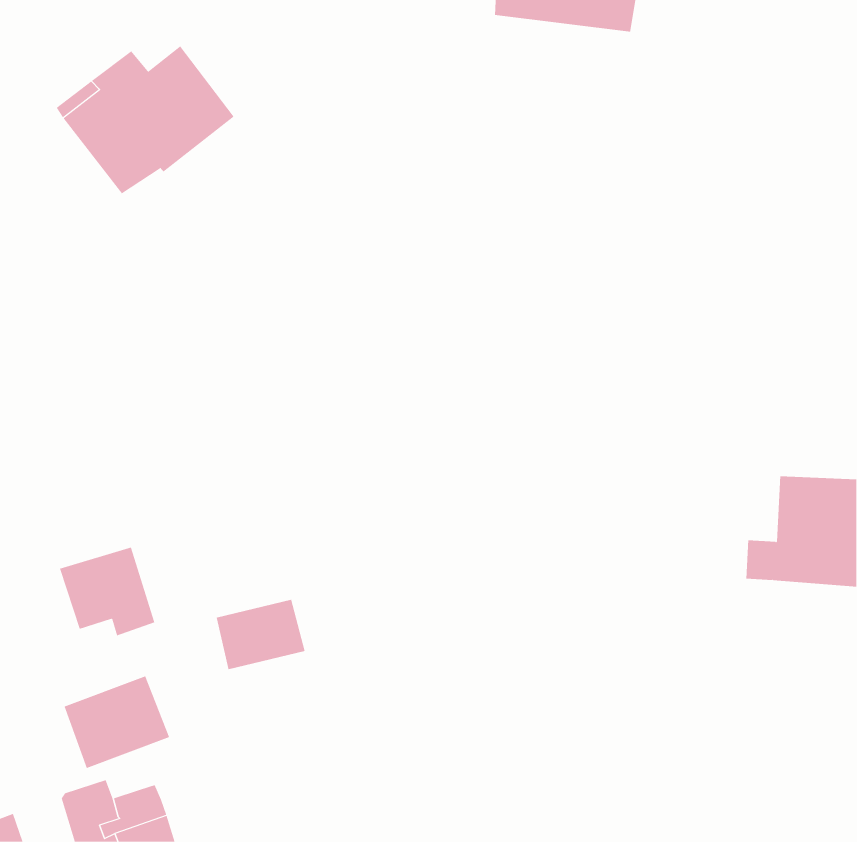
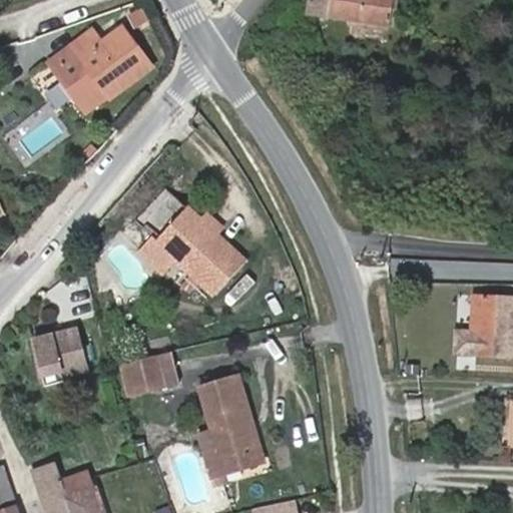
building: none -> [135,197,244,302]
building: none -> [202,382,262,490]
building: [64,676,170,769] -> none

